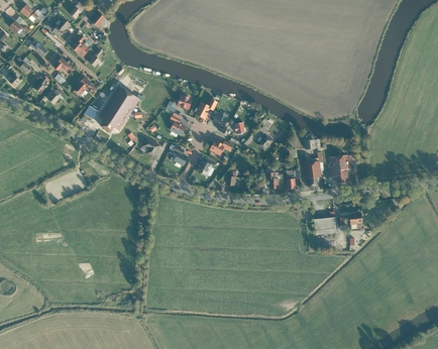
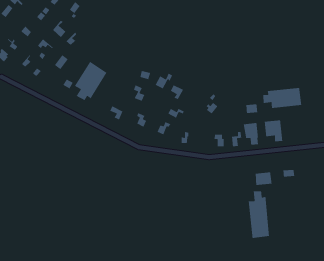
building: none -> [262,87,302,109]
building: none -> [248,190,270,239]

